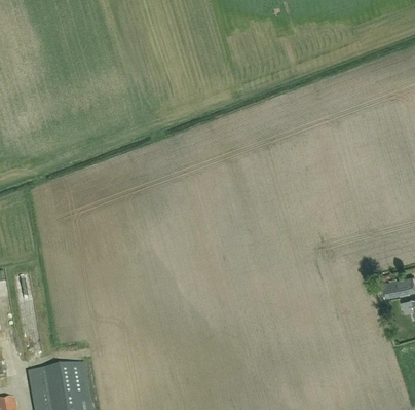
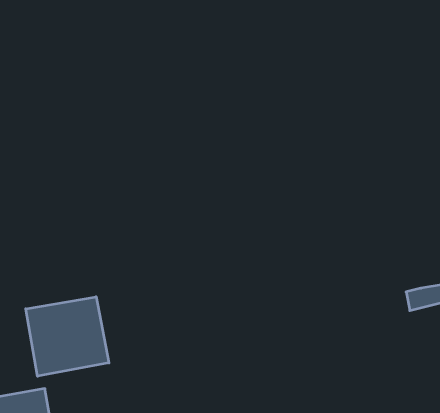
building: none -> [26,297,109,376]

